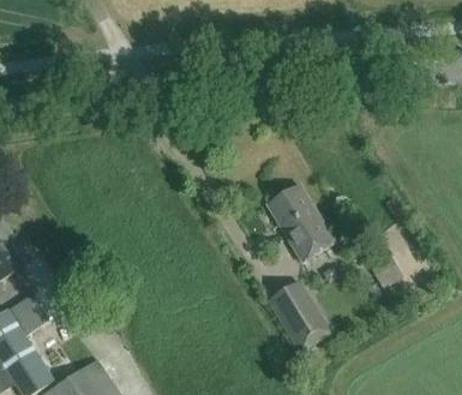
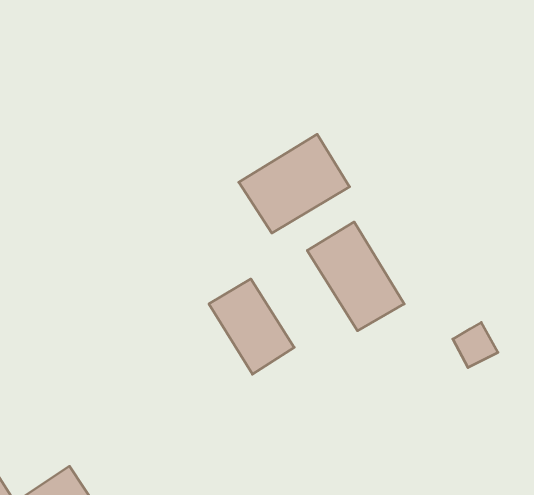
building: none -> [239,134,350,233]
building: [269,280,330,348] -> [209,279,294,374]

